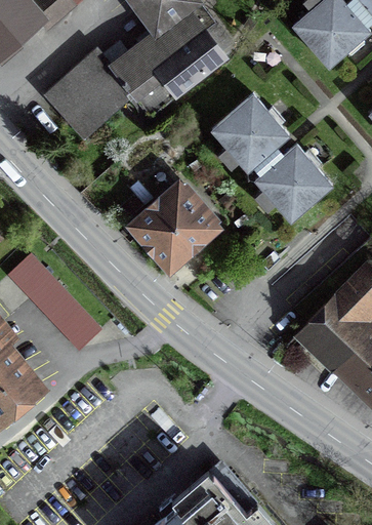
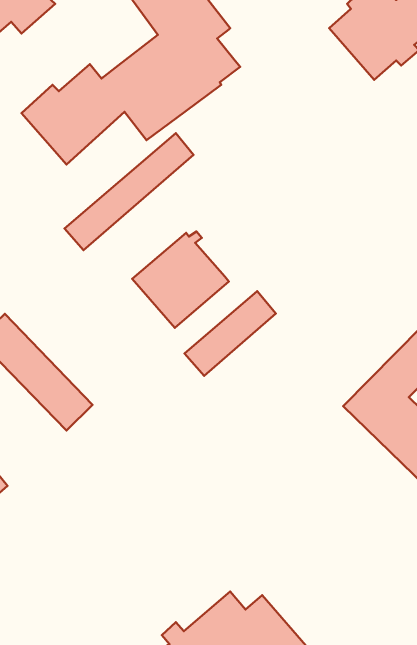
building: [210,95,331,221] -> none
building: none -> [64,133,194,250]
building: none -> [184,291,276,376]

